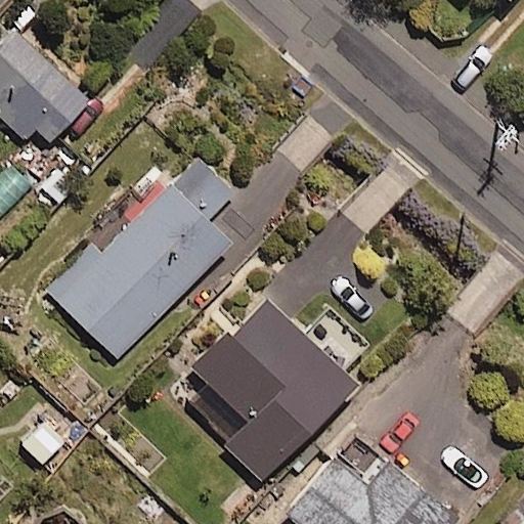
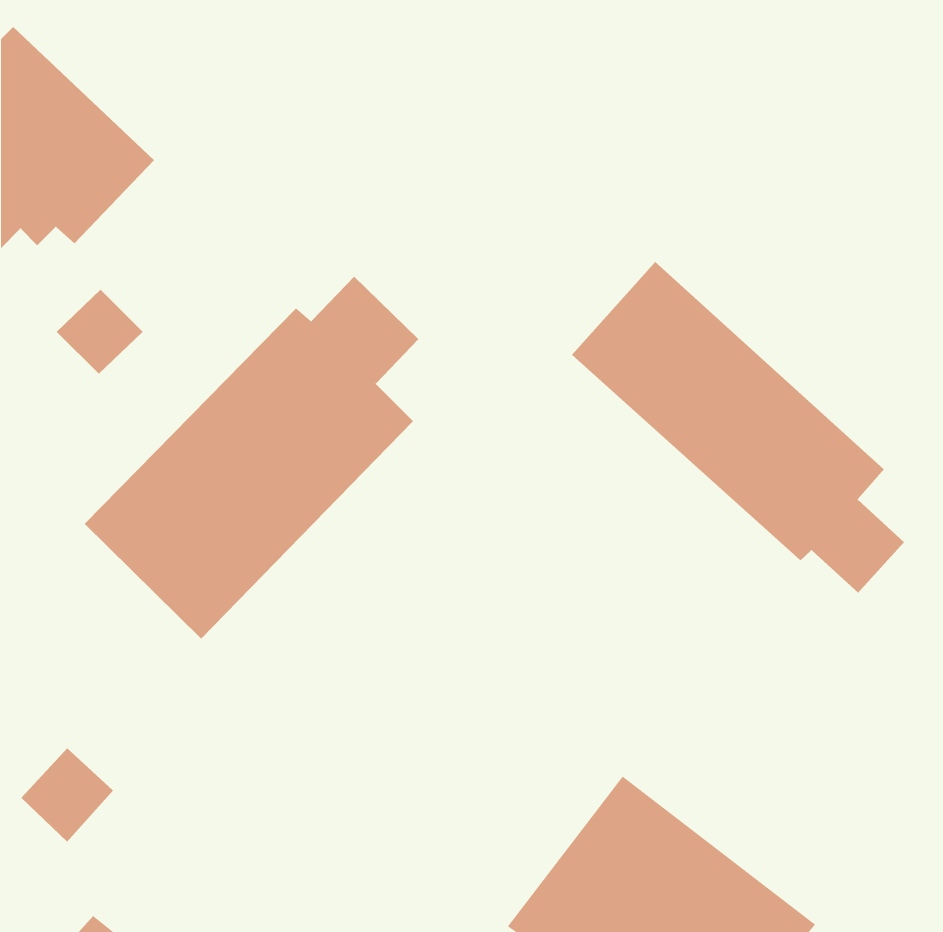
building: none -> [571,261,905,593]
building: [188,295,363,483] -> none

